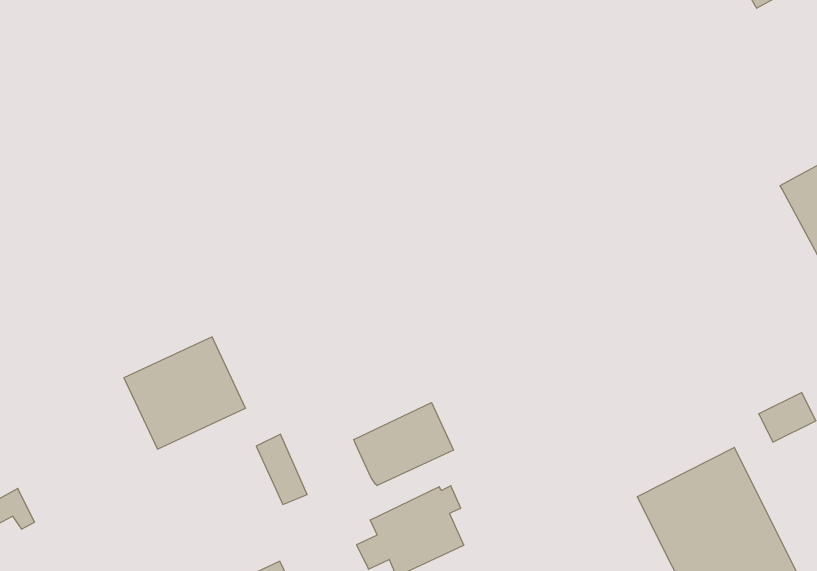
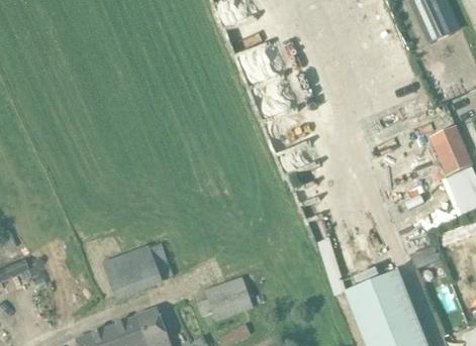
building: [124,337,246,449] -> [95,243,157,299]
building: [354,403,453,486] -> none

